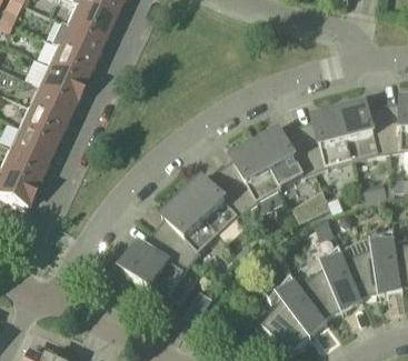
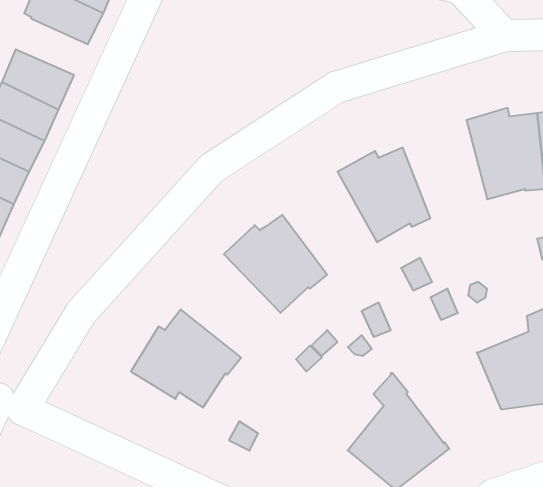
building: [48,43,94,80] -> none
building: [298,109,352,172] -> none
building: [220,142,281,209] -> none
building: [155,195,219,262] -> none
building: [300,243,364,318] -> none

